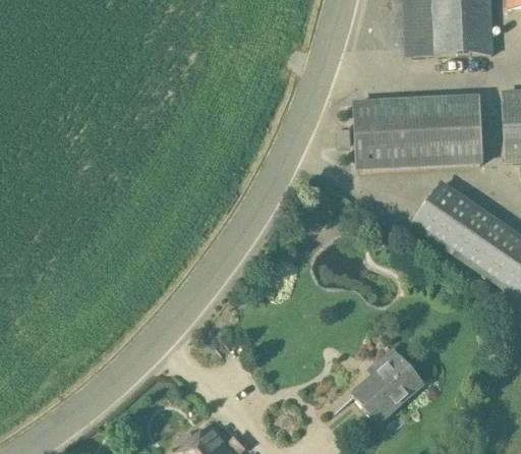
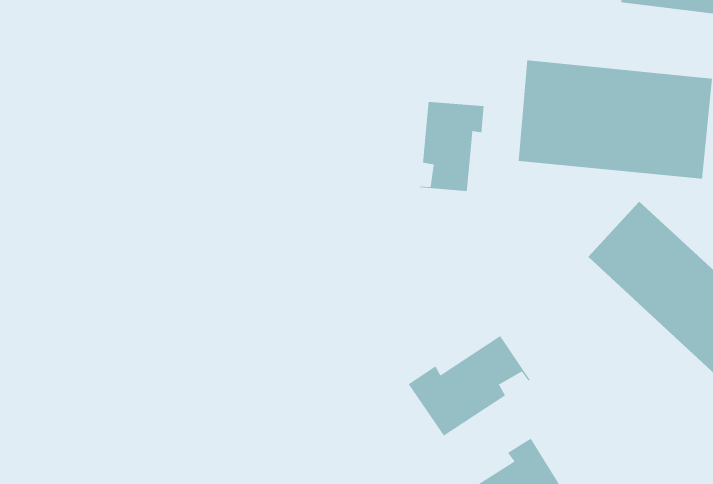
building: none -> [420,101,484,192]
building: none -> [408,335,531,436]

